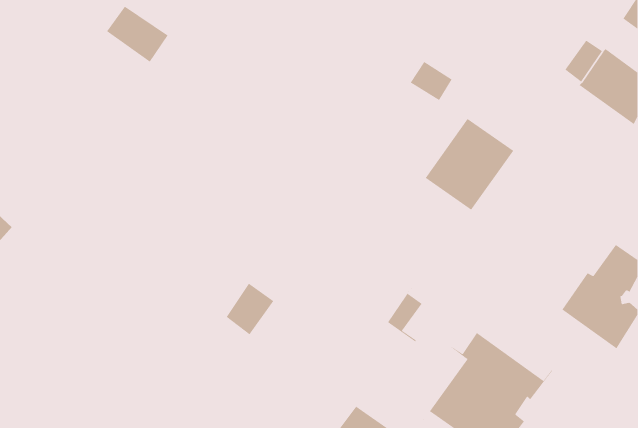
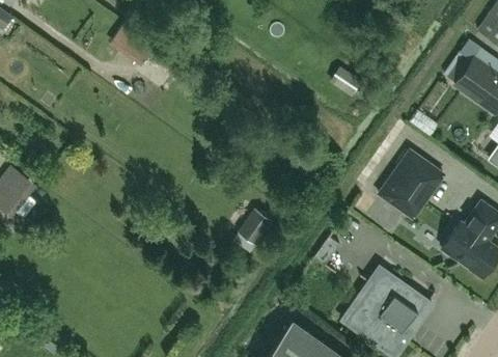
building: [425,118,514,210] -> [378,150,443,218]
building: [226,283,274,335] -> [237,210,272,248]

